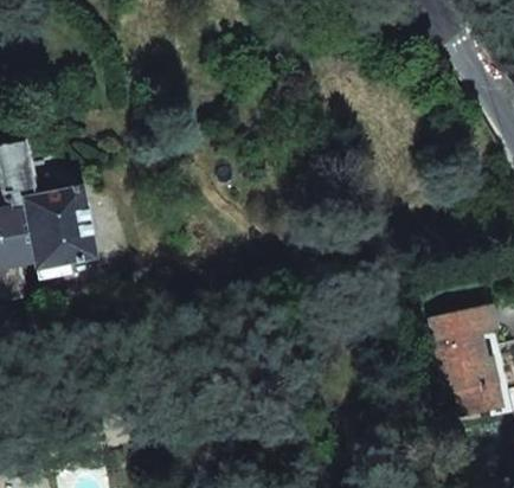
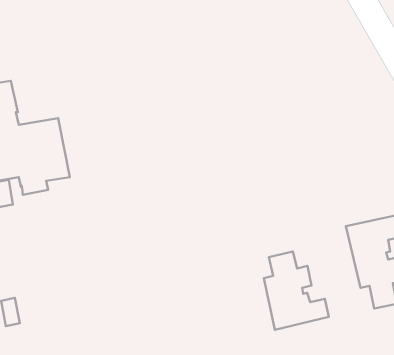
building: none -> [264,252,329,330]

